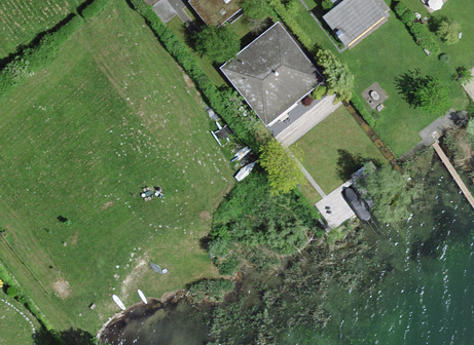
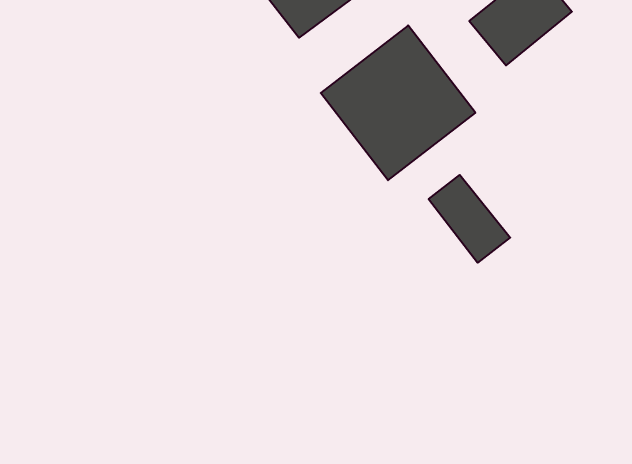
building: none -> [429,175,510,263]

